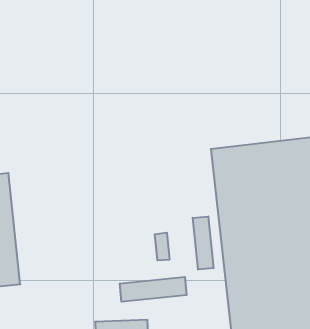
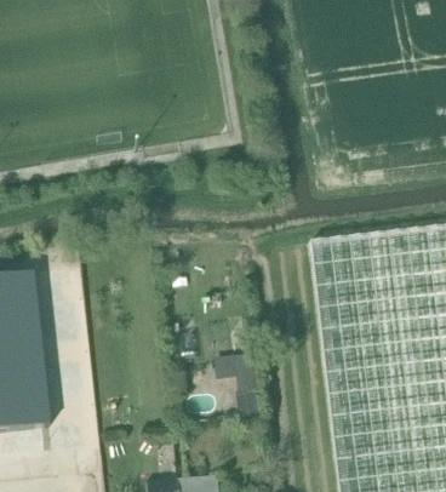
building: [193,216,213,270] -> none
building: [120,277,186,302] -> none

